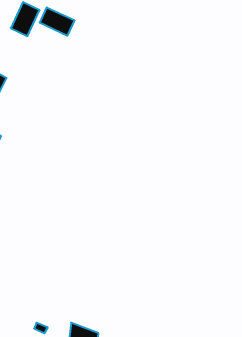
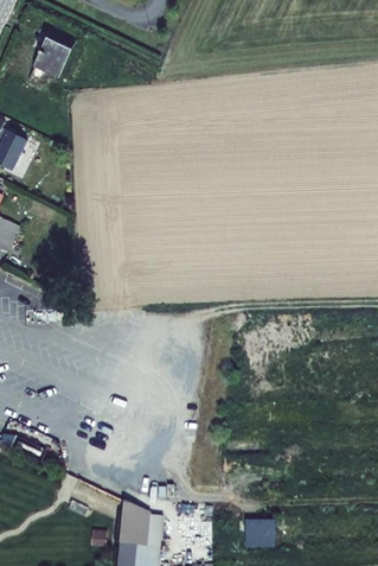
building: [40,7,74,36] -> none

